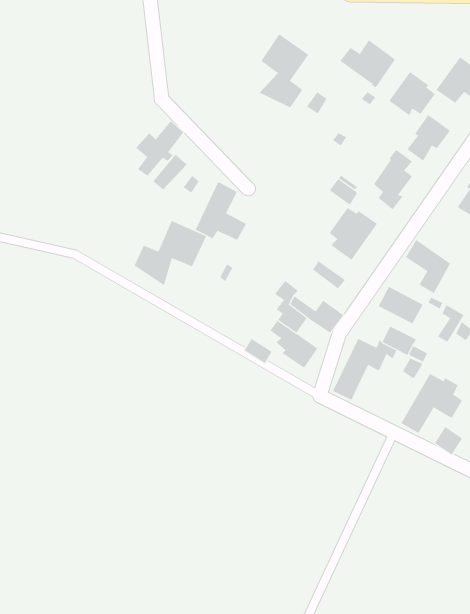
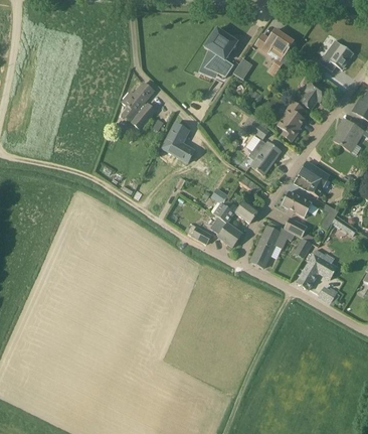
building: [389,71,436,116] -> none
building: [134,220,207,286] -> none

